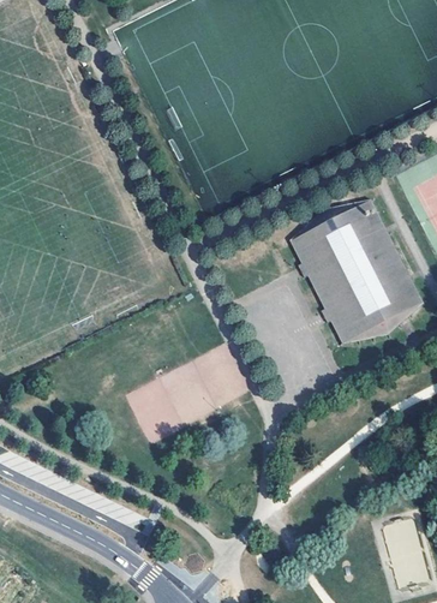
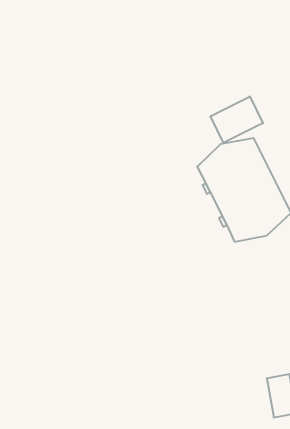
building: none -> [211,96,263,143]

